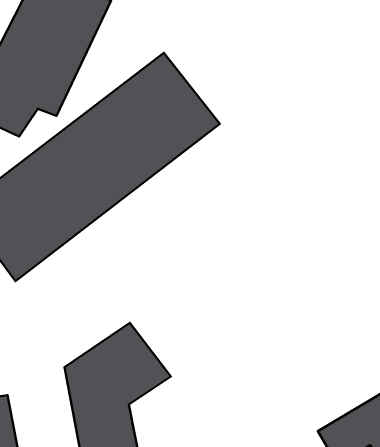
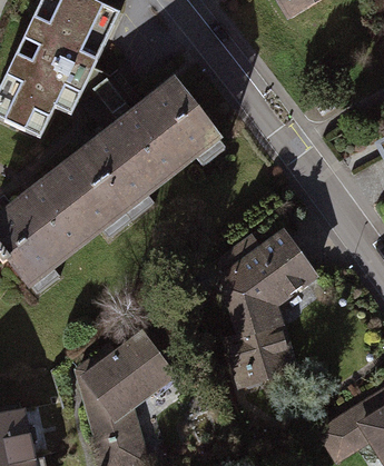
building: none -> [214,230,319,383]

